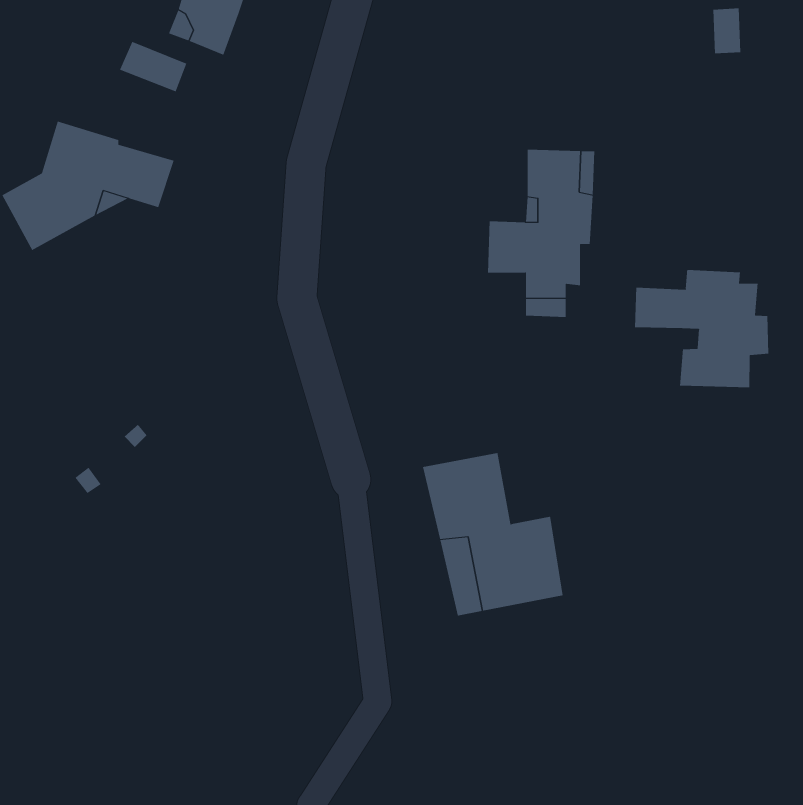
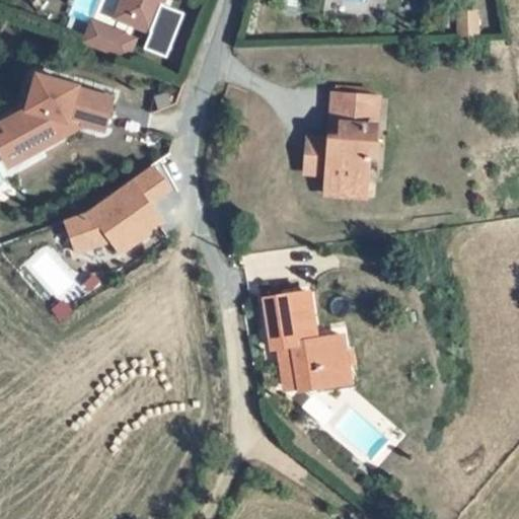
building: none -> [137,8,175,61]
building: none -> [60,162,165,249]
building: [635,269,769,388] -> none

